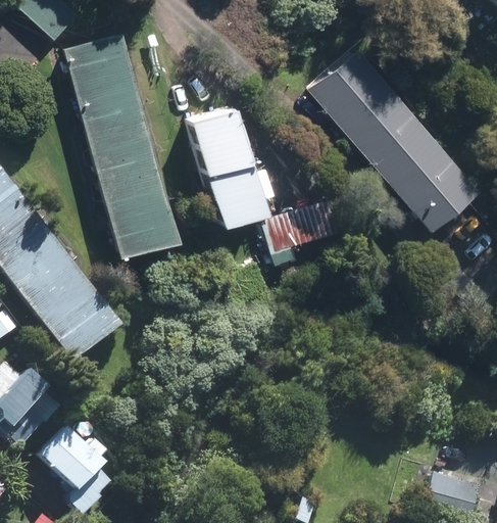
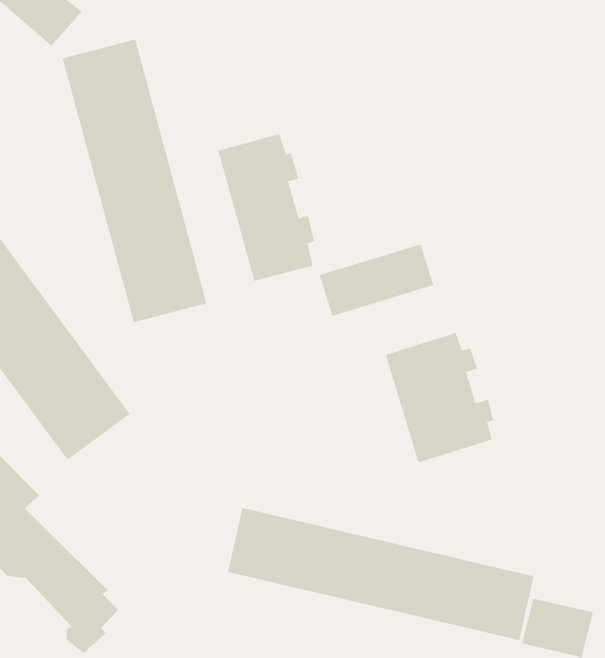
building: [295,33,475,232] -> none
building: none -> [385,332,494,463]
building: none -> [227,507,534,641]

